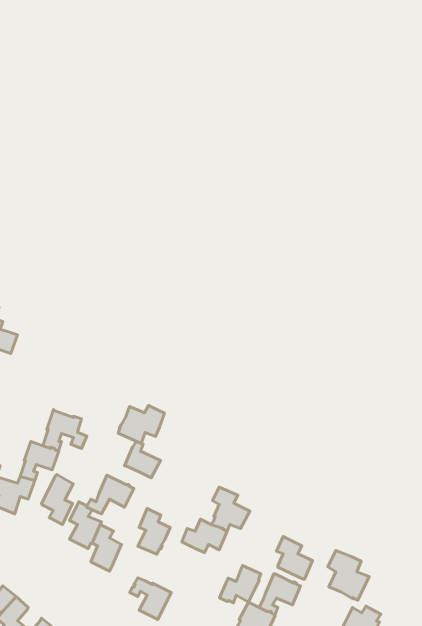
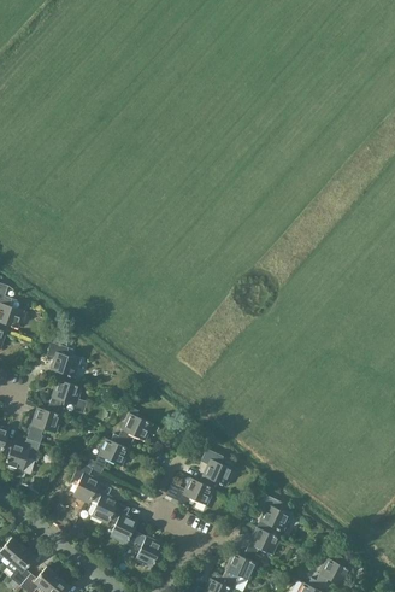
building: none -> [46,342,81,386]
building: [118,406,165,444] -> none
building: [41,475,73,525] -> none
building: [138,509,170,554] -> [108,503,137,544]
building: [328,551,369,600] -> none
building: [219,566,261,603] -> none

